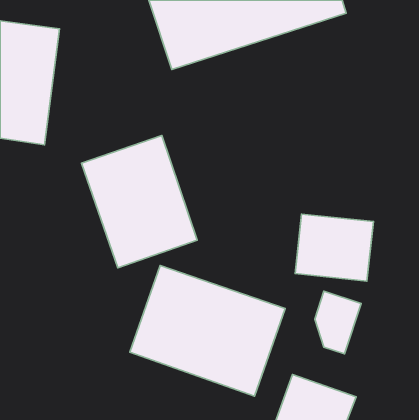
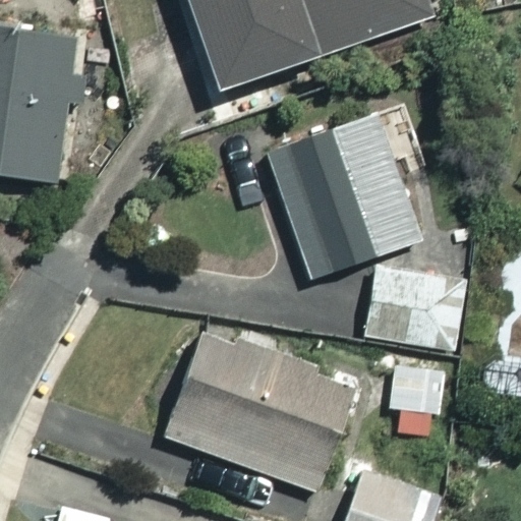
building: none -> [266,110,420,278]
building: [81,136,197,268] -> none

